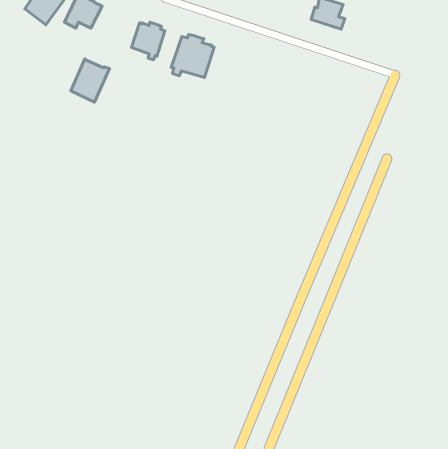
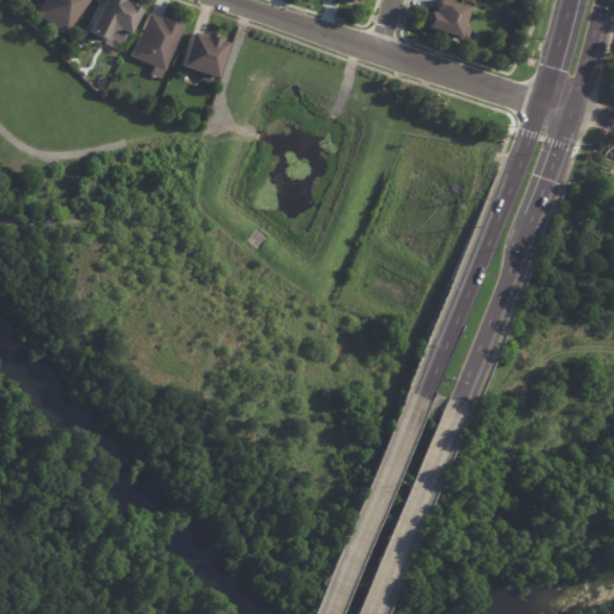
building: [171,35,214,78] -> none
building: [71,59,110,102] -> [133,11,186,70]

